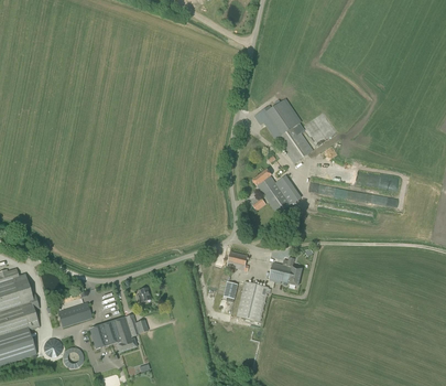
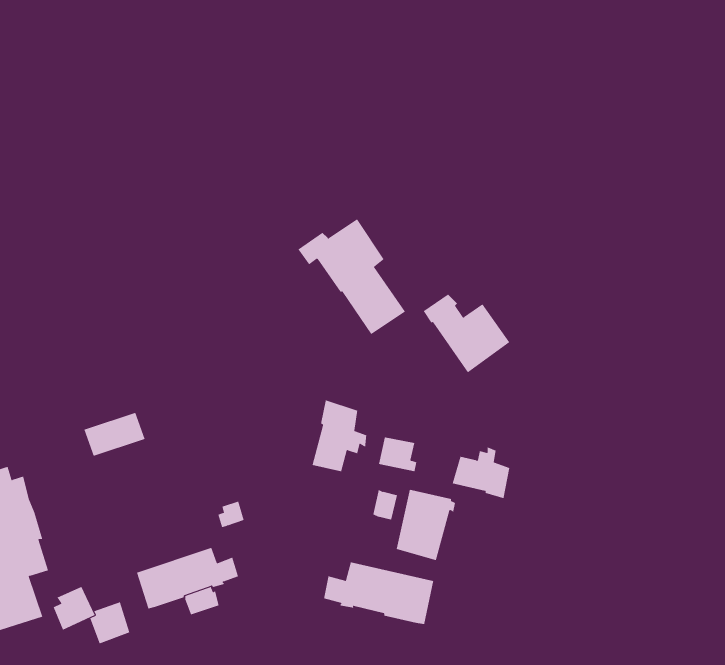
building: [252,97,314,163] -> [297,219,406,335]
building: none -> [312,399,367,472]
building: [57,301,93,326] -> [84,412,146,457]
building: none -> [324,562,434,625]

